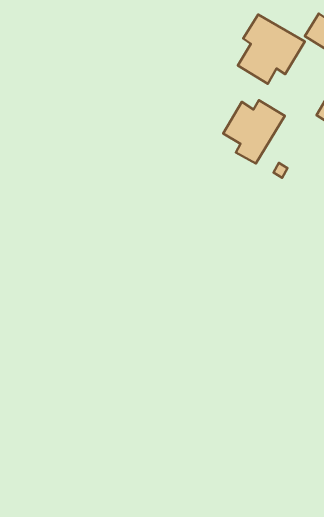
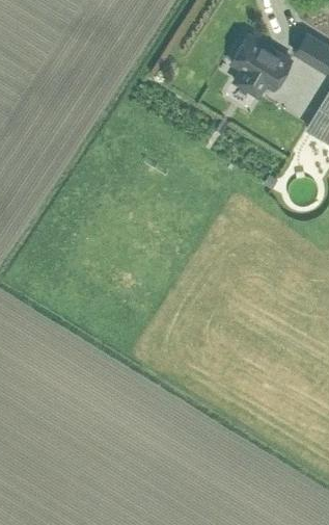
building: [223,100,285,163] -> none

